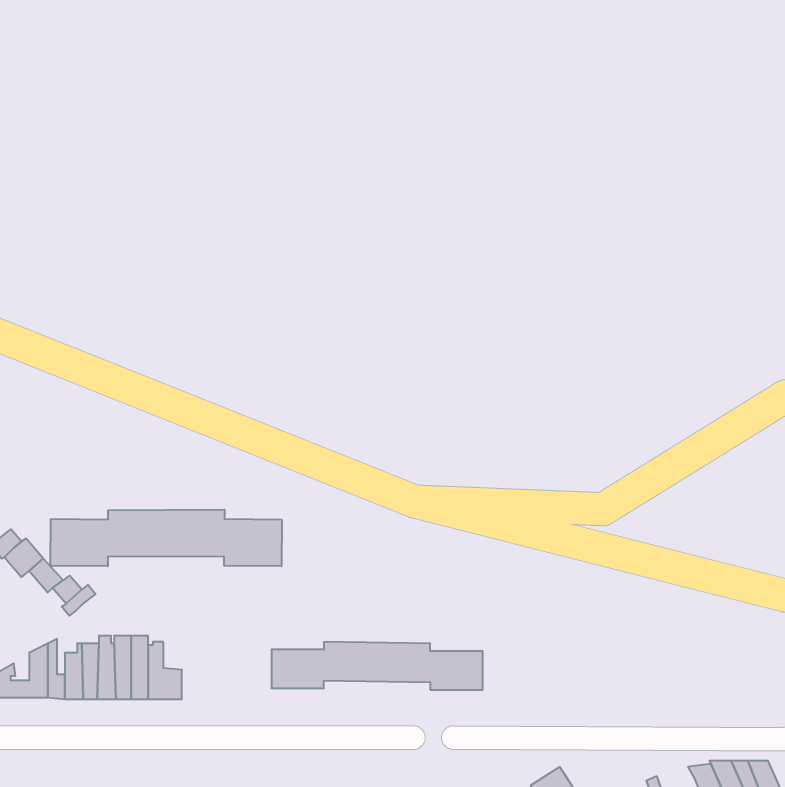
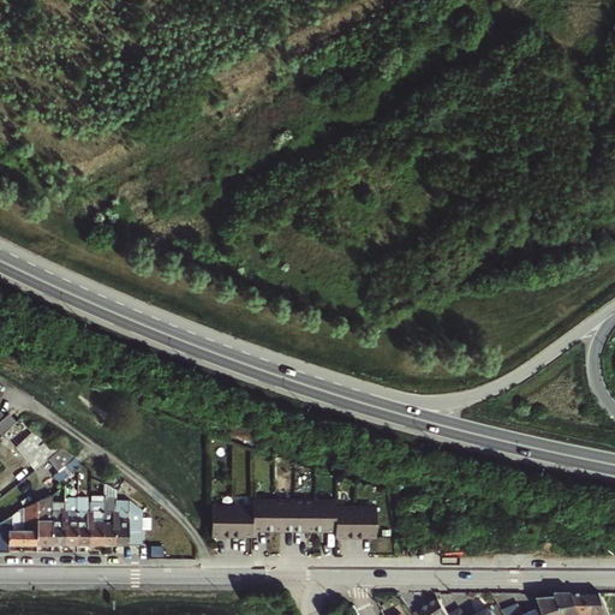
building: [50,510,282,566] -> none

